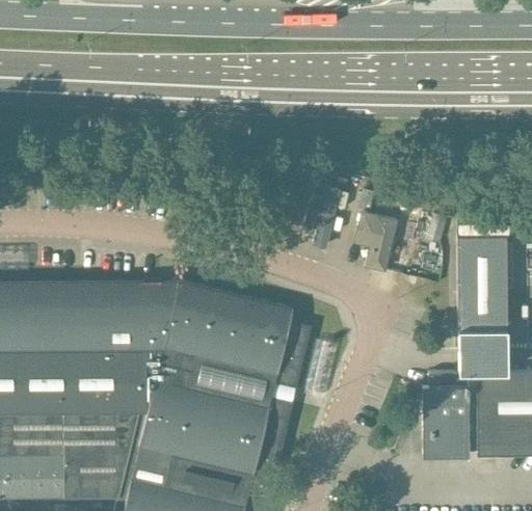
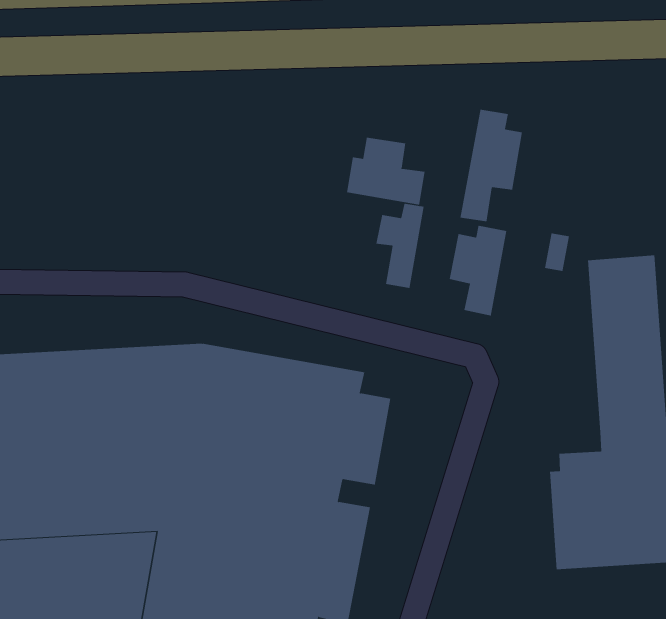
building: none -> [460,109,523,222]
building: none -> [347,137,425,206]

